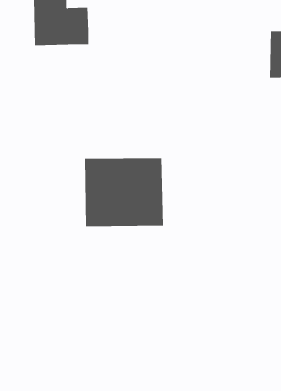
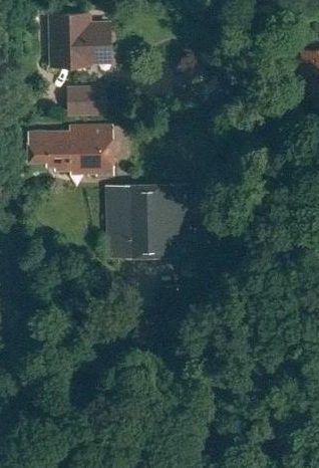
building: none -> [66,84,106,115]
building: none -> [28,125,113,176]

